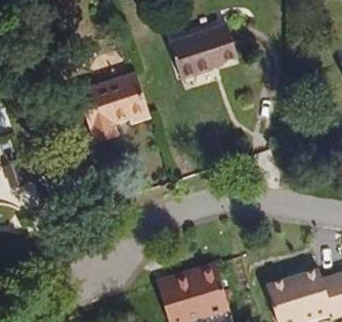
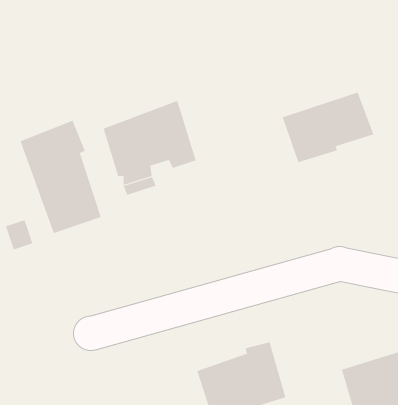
building: [172,30,243,84] -> [282,92,374,163]
building: none -> [20,120,102,234]

